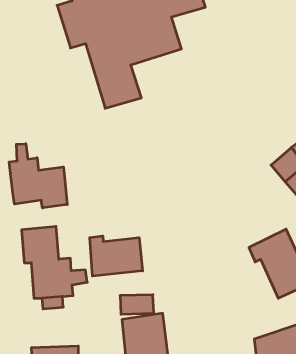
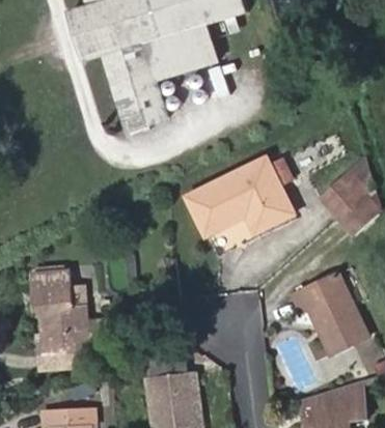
building: none -> [186,154,295,235]
building: [9,144,67,208] -> none
building: [90,236,143,276] -> none

